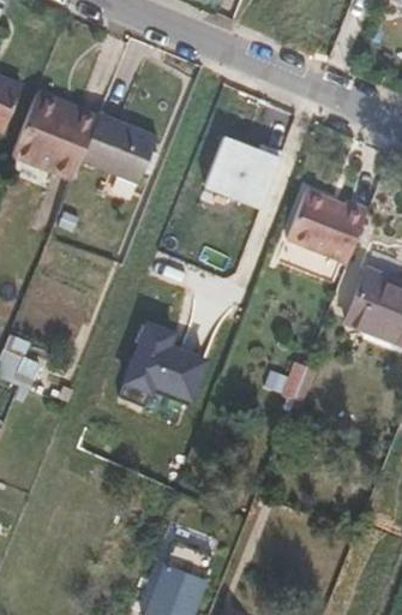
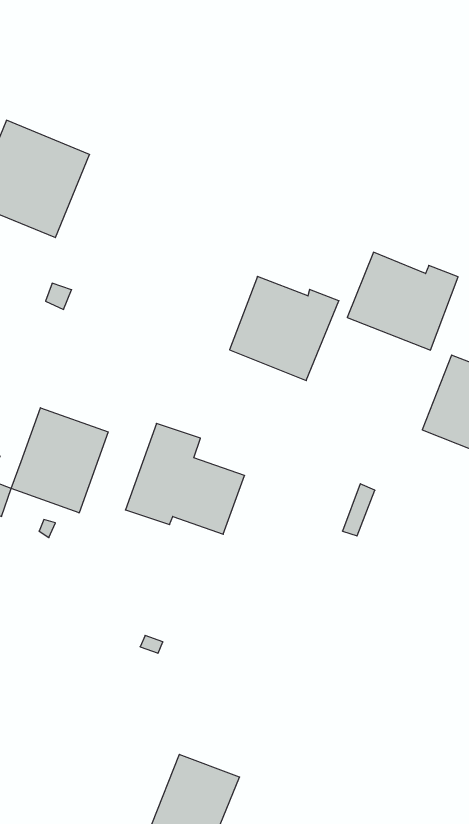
building: [79,113,154,184] -> none
building: [204,131,284,208] -> [230,276,339,381]
building: none -> [11,408,108,513]

